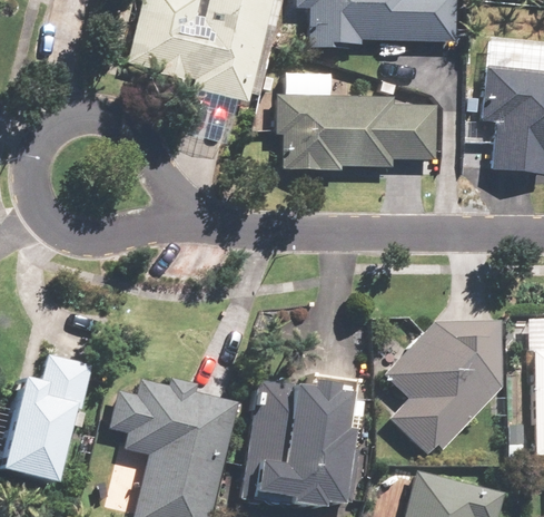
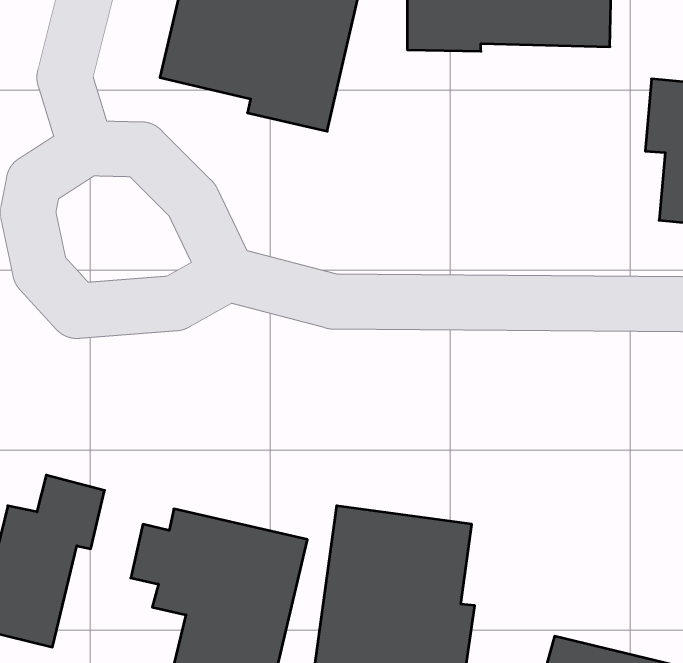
building: [276,95,436,169] -> none
building: [385,322,501,451] -> none

